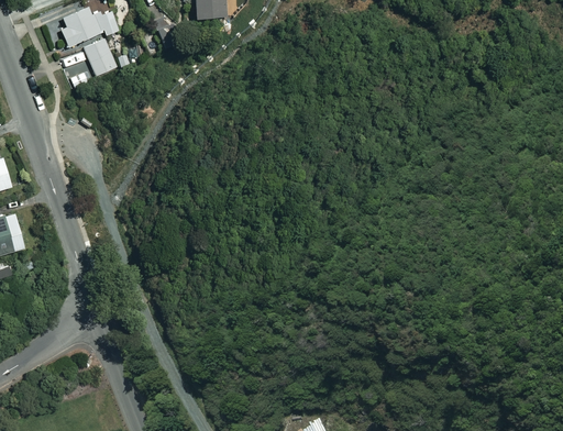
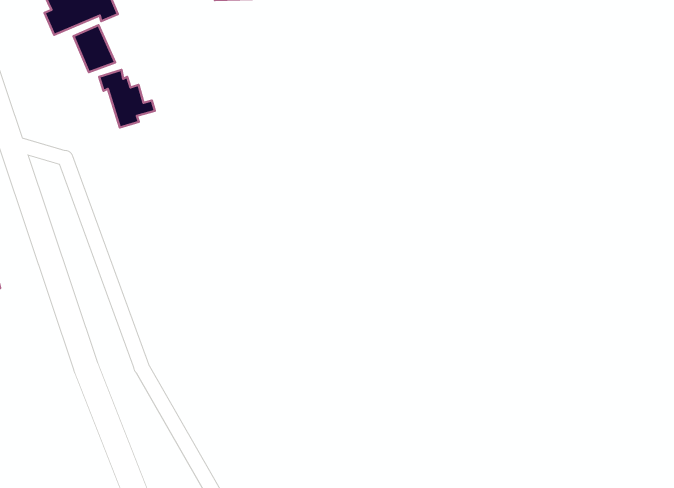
building: none -> [99,70,155,127]

